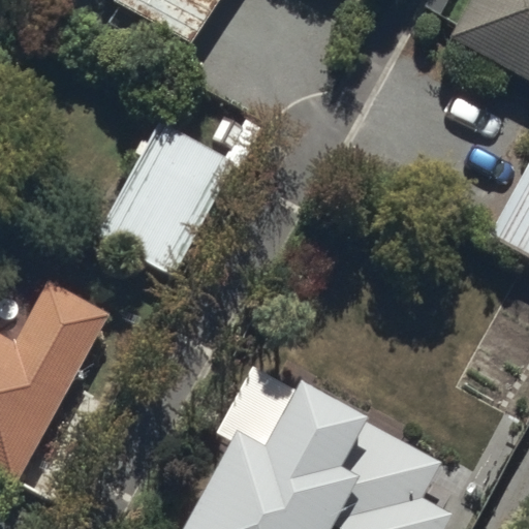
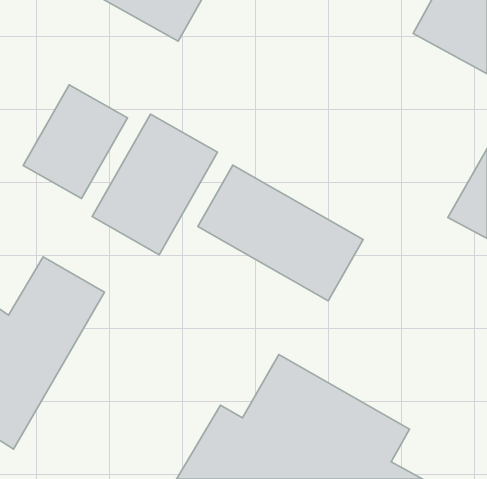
building: none -> [23,85,128,199]
building: none -> [198,165,363,301]

